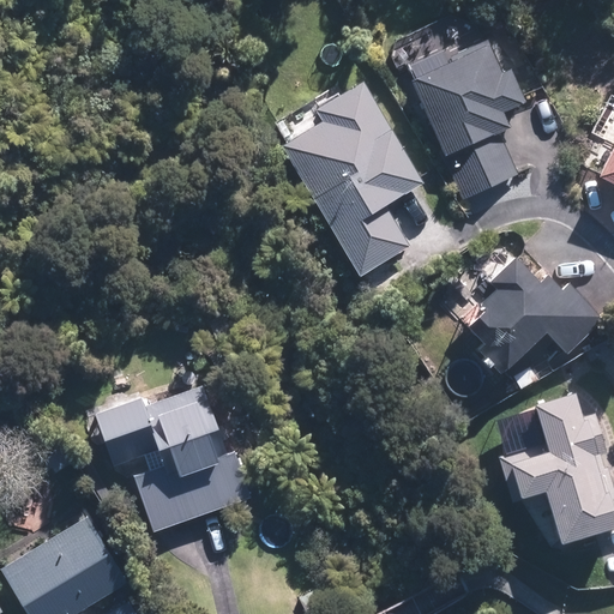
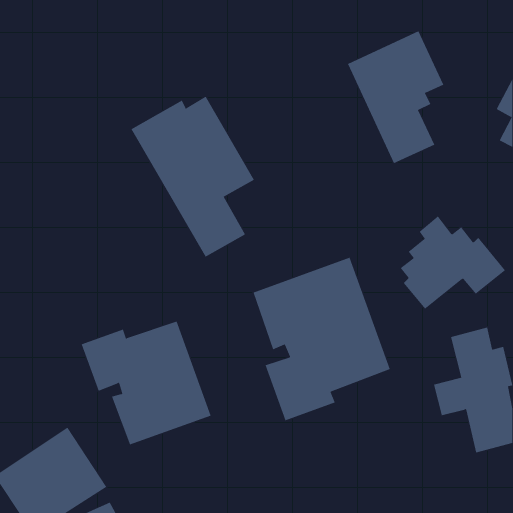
building: [272,85,420,277] -> [130,96,255,258]
building: none -> [253,257,390,421]

